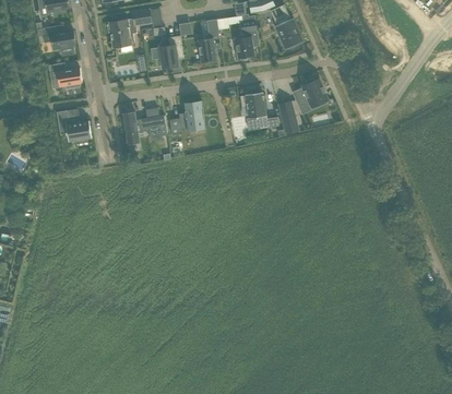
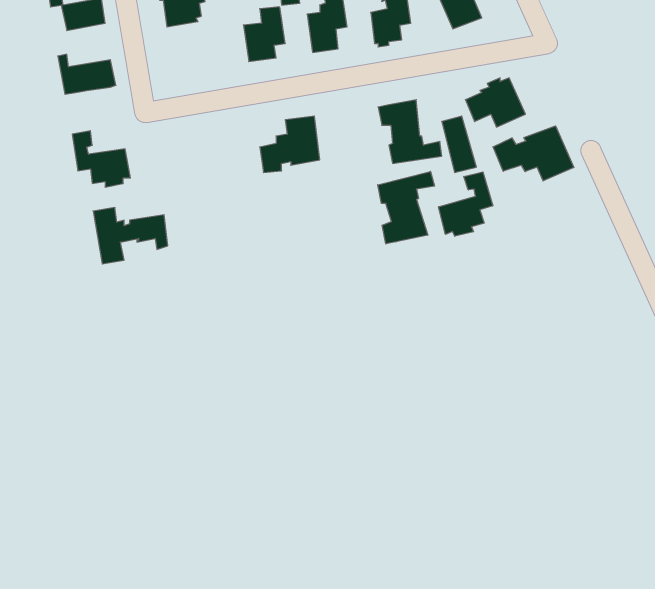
building: none -> [493,126,574,181]
building: [121,110,166,144] -> [93,208,168,264]
building: none -> [378,171,435,244]
building: none -> [439,172,493,236]

